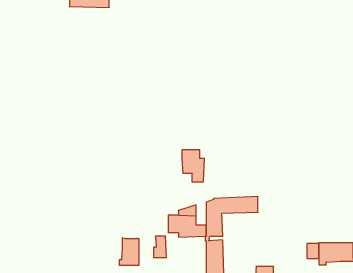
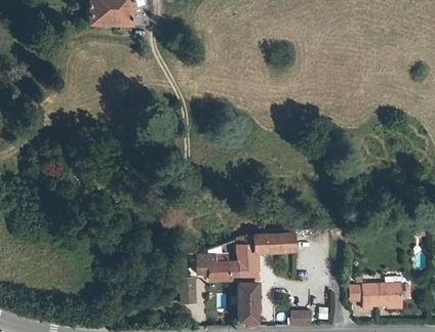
building: [182,150,204,182] -> none
building: [119,238,139,265] -> none

